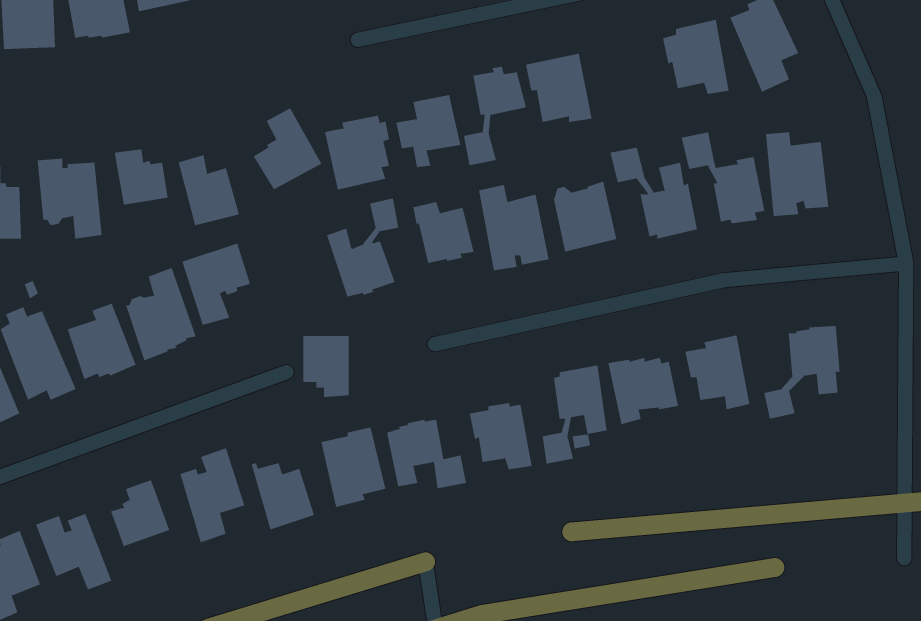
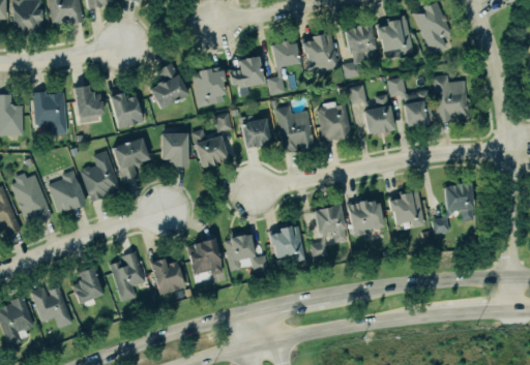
building: none -> [342,22,376,78]
building: [303,335,349,397] -> [161,132,187,166]

